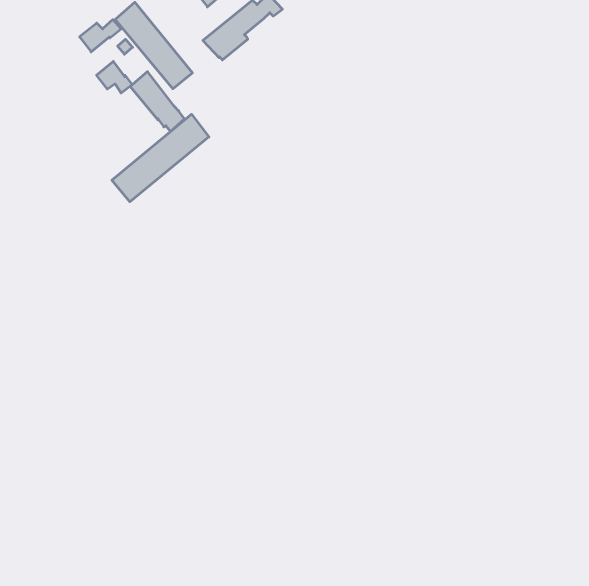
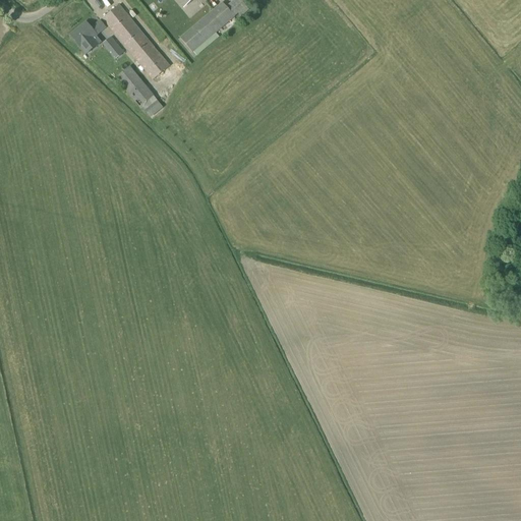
building: [97,61,132,93] -> none
building: [112,114,209,202] -> none

